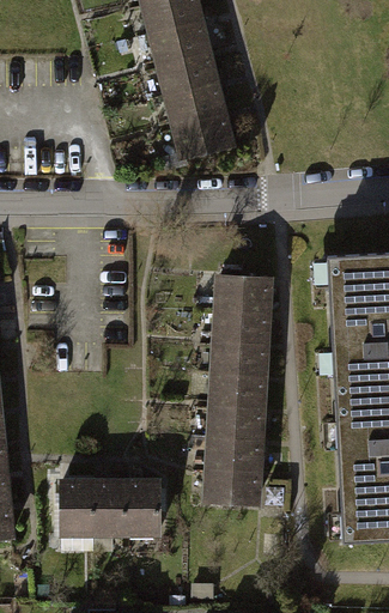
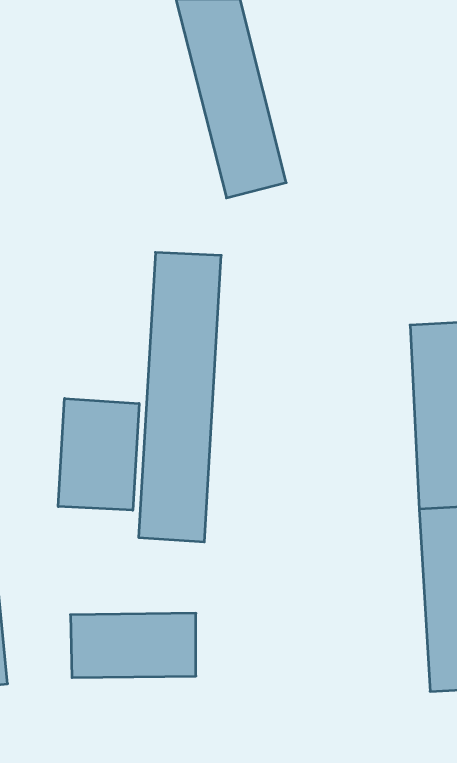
building: [206,278,271,504] -> [139,252,221,542]
building: none -> [58,398,139,510]

